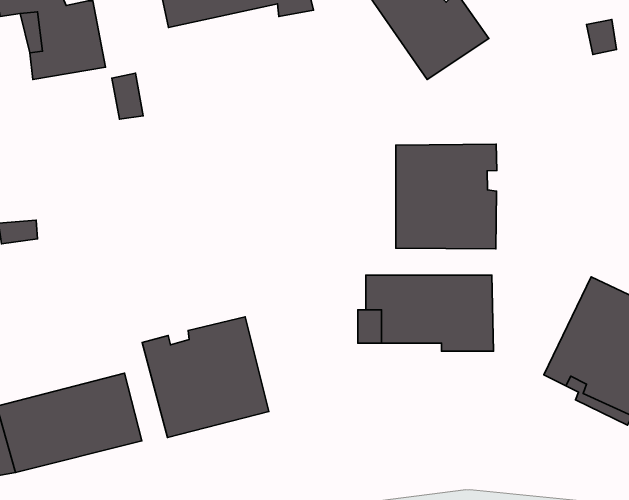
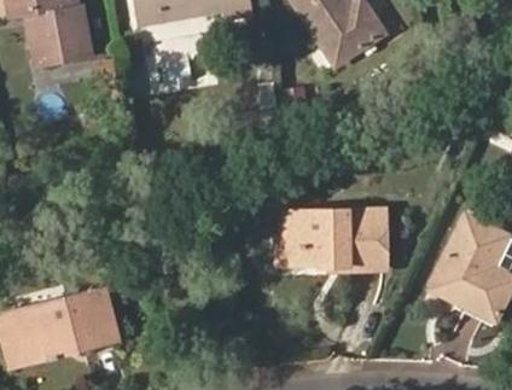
building: [396,144,497,249] -> none
building: [142,317,269,438] -> none

